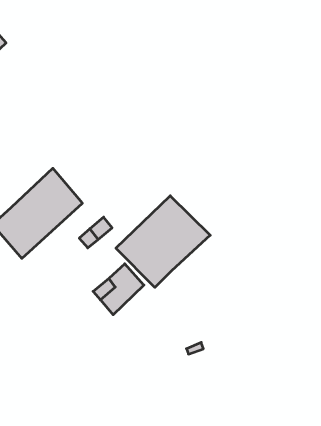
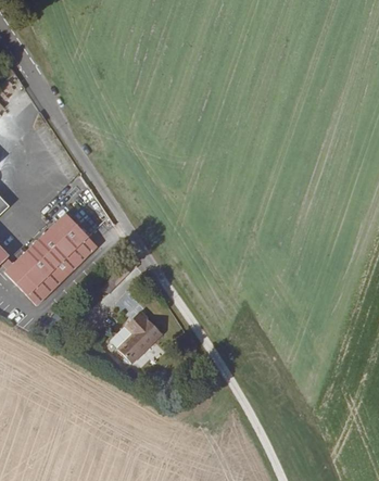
building: [116,196,210,287] -> none

